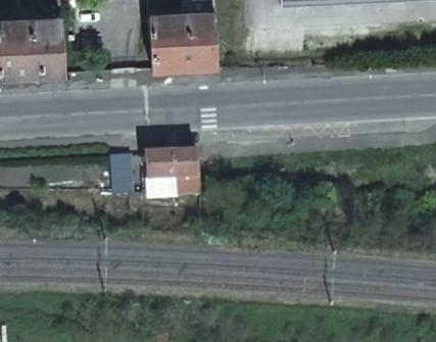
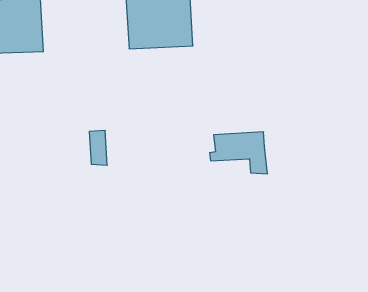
building: [142,148,201,191] -> [210,132,268,174]

